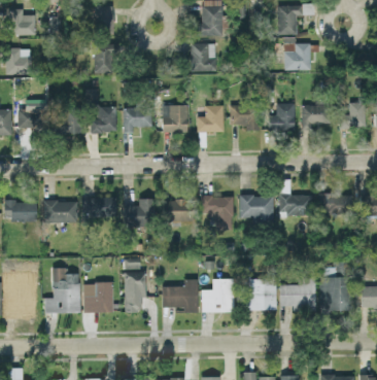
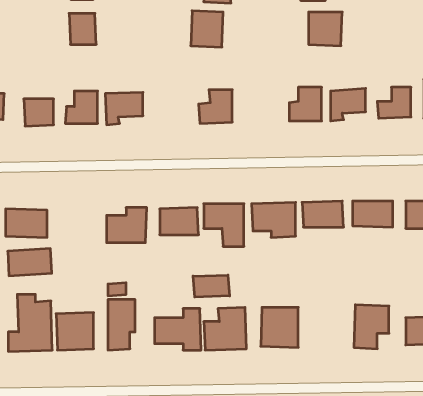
building: [231,105,260,131] -> none
building: [163,106,187,134] -> none
building: [81,197,116,218] -> [8,249,52,276]
building: none -> [193,275,230,297]
building: [280,279,316,312] -> none

